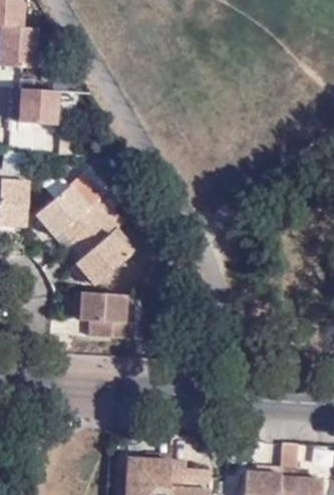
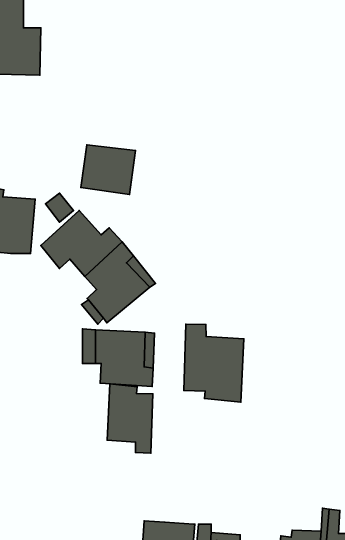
building: [14,89,61,133] -> [81,145,135,195]
building: none -> [184,324,244,402]
building: none -> [107,384,153,453]

